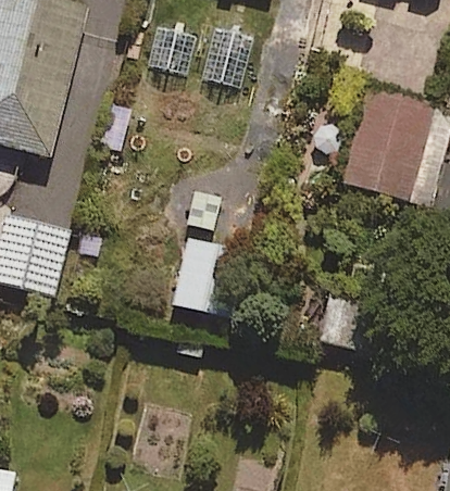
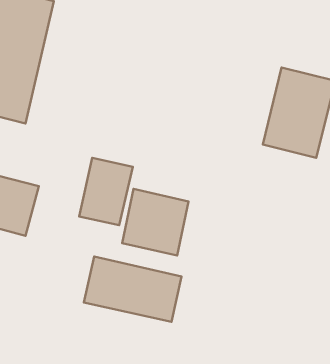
building: none -> [79,158,133,225]
building: none -> [84,257,181,322]

